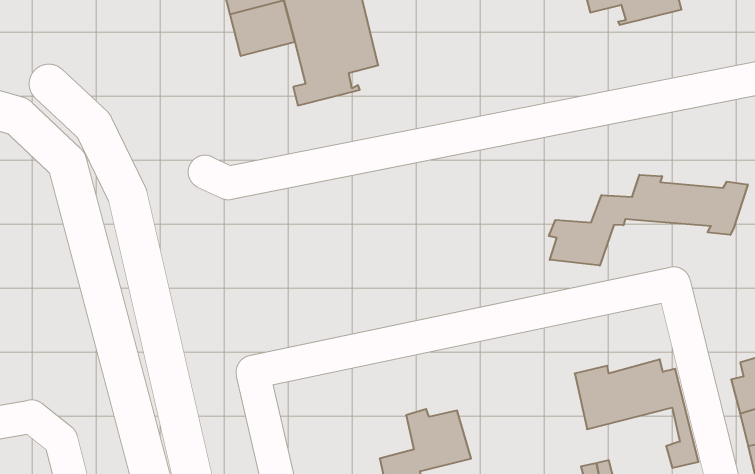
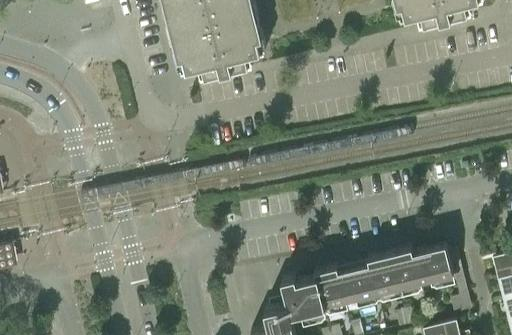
building: none -> [174,39,216,74]
building: [549,175,748,266] -> none
building: none -> [313,253,398,308]

